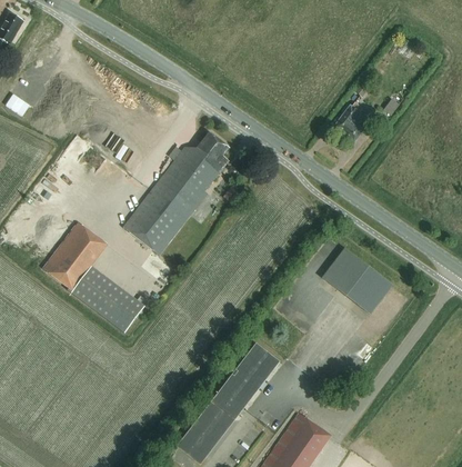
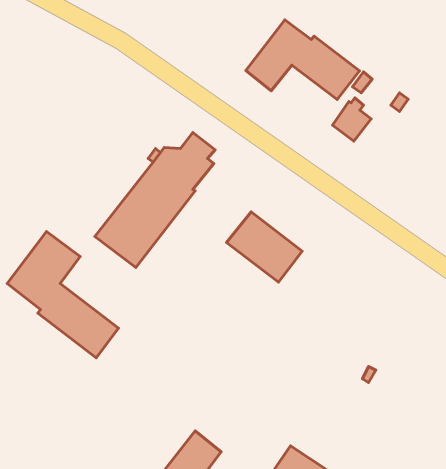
building: none -> [246,20,359,100]
building: [322,249,390,312] -> [227,212,302,282]
building: [212,341,281,418] -> none

